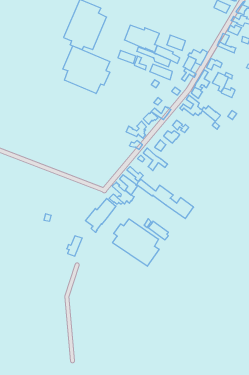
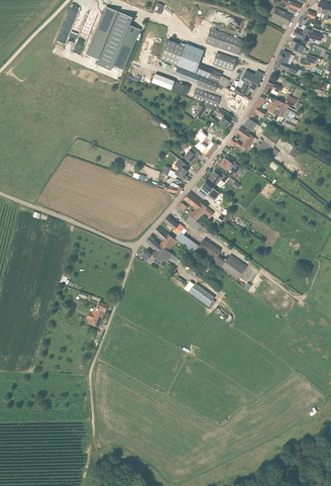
building: none -> [205,28,244,55]
building: [63,46,110,94] -> none
building: [85,198,116,232] -> none
building: [113,219,159,266] -> none

